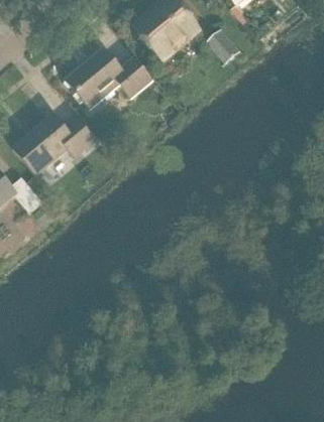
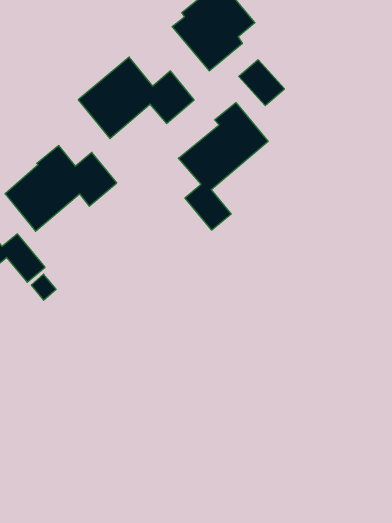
building: [207,29,240,62] -> [239,60,284,105]
building: none -> [178,103,268,230]

